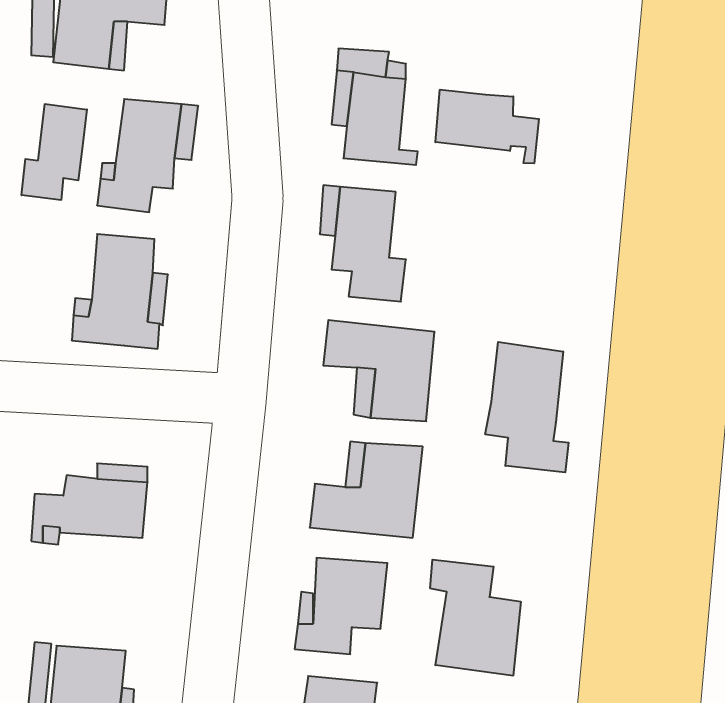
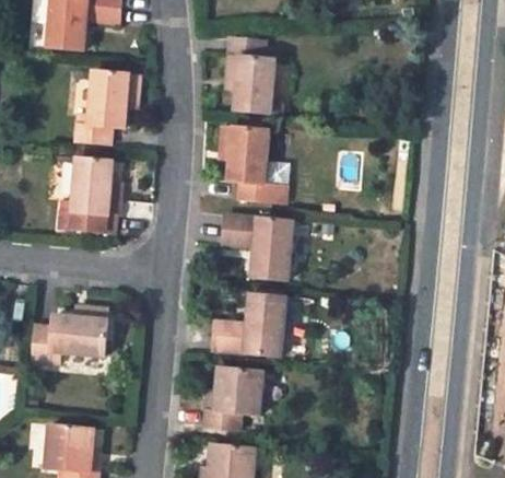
building: [435,90,539,163] -> none
building: [22,104,87,200] -> none
building: [485,342,569,472] -> none
building: [430,560,521,676] -> none

